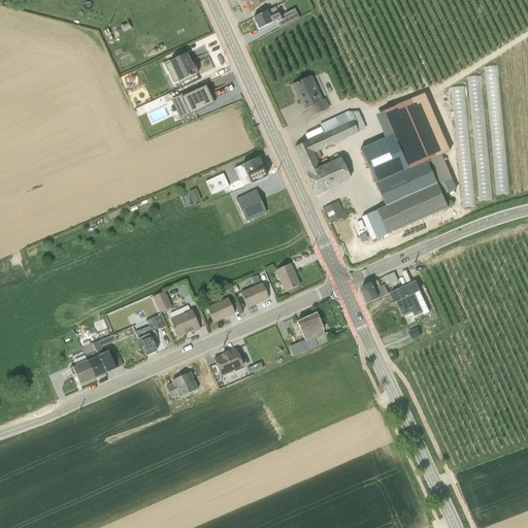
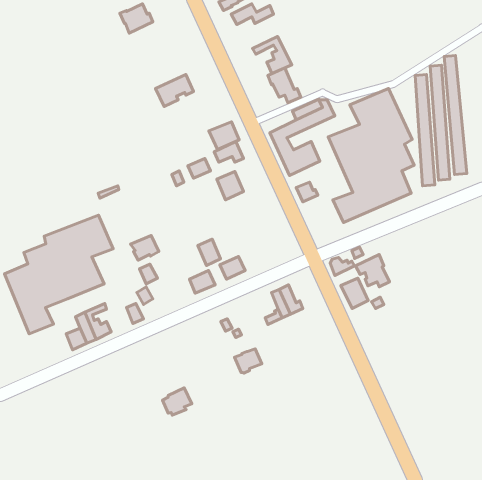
building: none -> [253,37,292,73]
building: [162,51,198,82] -> [120,4,153,33]
building: none -> [209,122,239,150]
building: none -> [4,215,113,334]
building: [275,261,300,290] -> [198,239,221,265]
building: none -> [341,278,368,309]
building: [169,308,200,335] -> [131,236,159,260]
building: [213,348,243,374] -> [234,349,262,373]
building: [166,370,198,400] -> [163,388,192,415]

